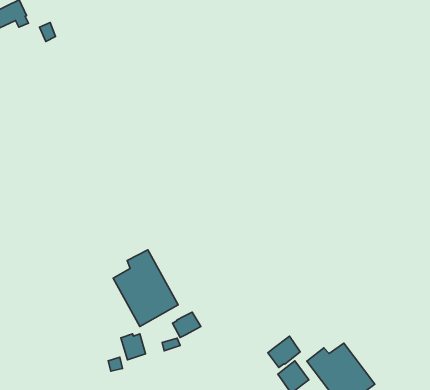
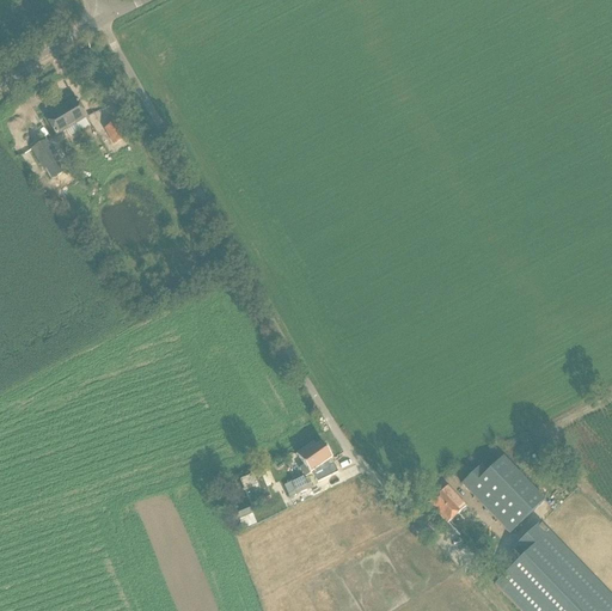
building: [113,250,178,327] -> none
building: [268,336,300,367] -> none

